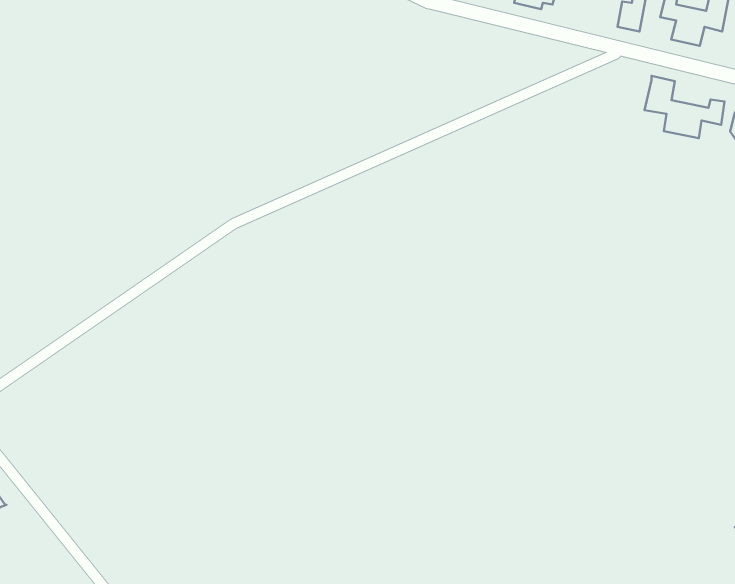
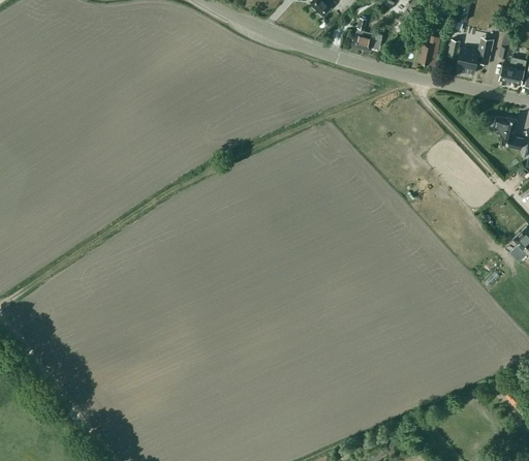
building: [644,76,725,138] -> none

